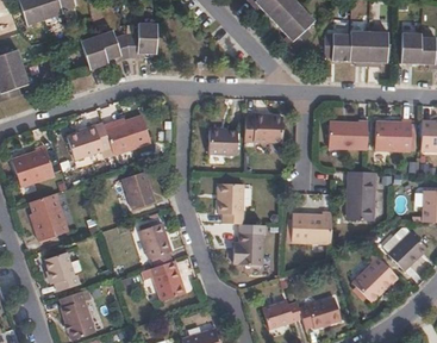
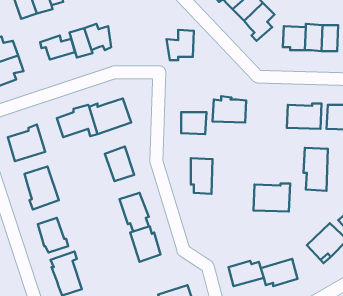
building: [125,23,156,57] -> [167,30,194,60]
building: none -> [40,36,75,60]
building: [233,233,263,267] -> none

